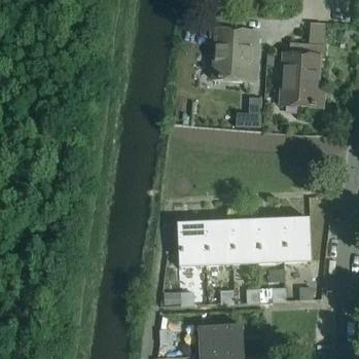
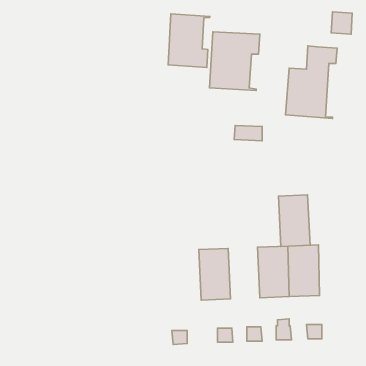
building: none -> [168,14,210,68]
building: [229,218,257,263] -> [278,195,310,246]
building: [177,220,206,265] -> none

